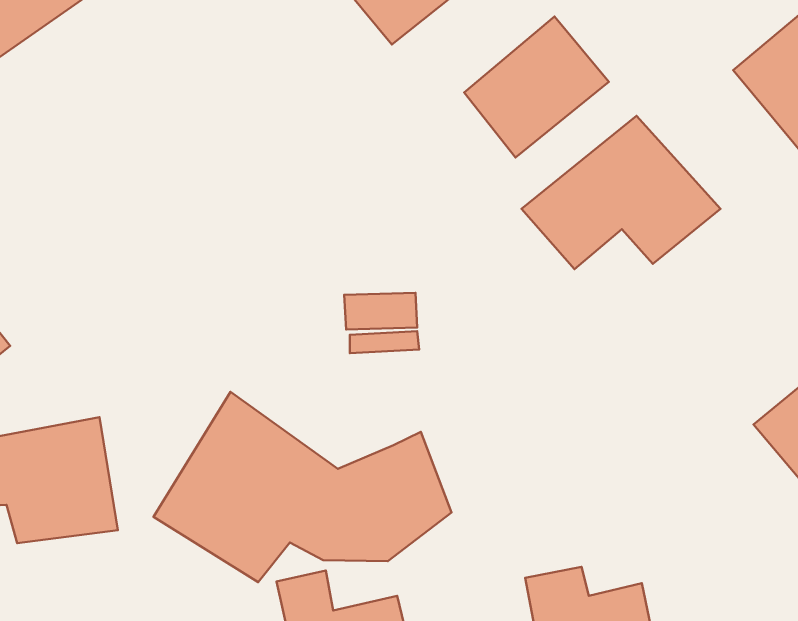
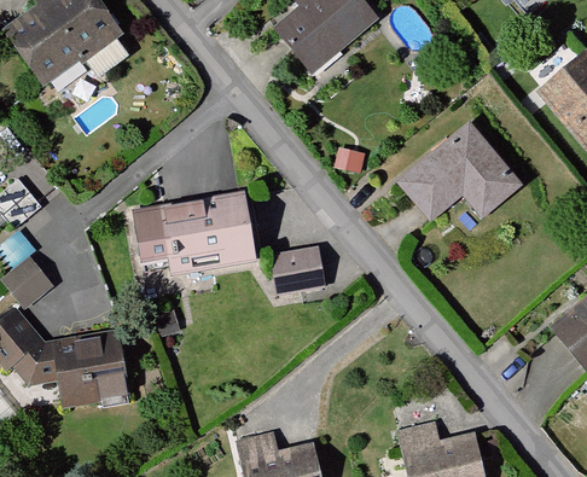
building: [464,16,609,157] -> none
building: none -> [133,193,256,274]
building: [154,392,452,582] -> none

